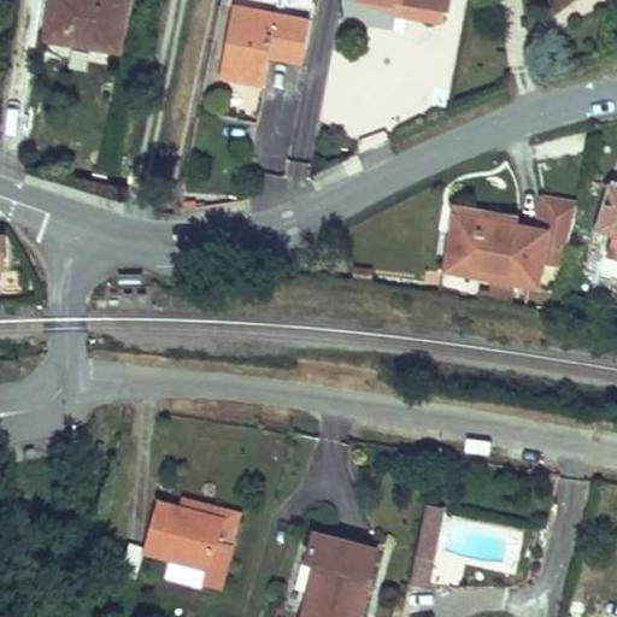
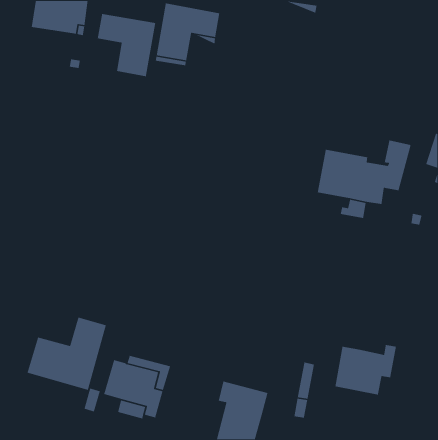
building: none -> [97,13,156,77]
building: none -> [26,316,107,391]
building: none -> [334,344,397,395]

